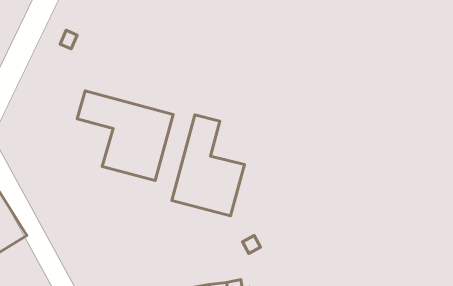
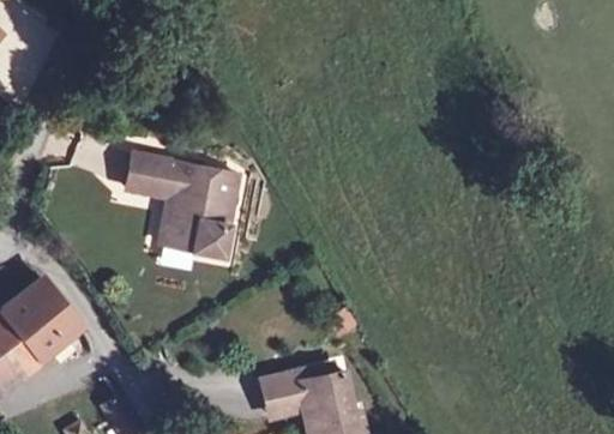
building: [172,115,245,216] -> none

